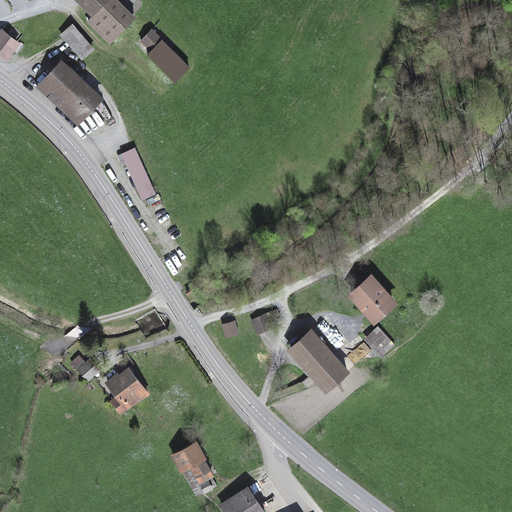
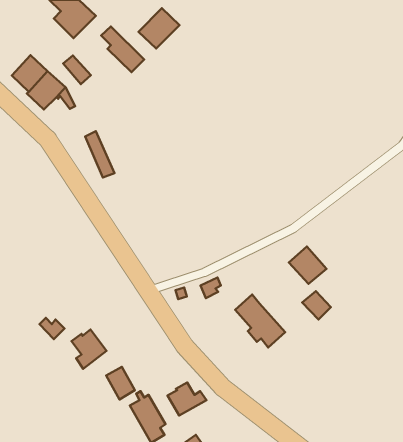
building: none -> [139,8,180,49]
building: [61,27,92,59] -> [63,55,91,84]
building: none -> [106,367,135,399]
building: none -> [168,382,206,416]

